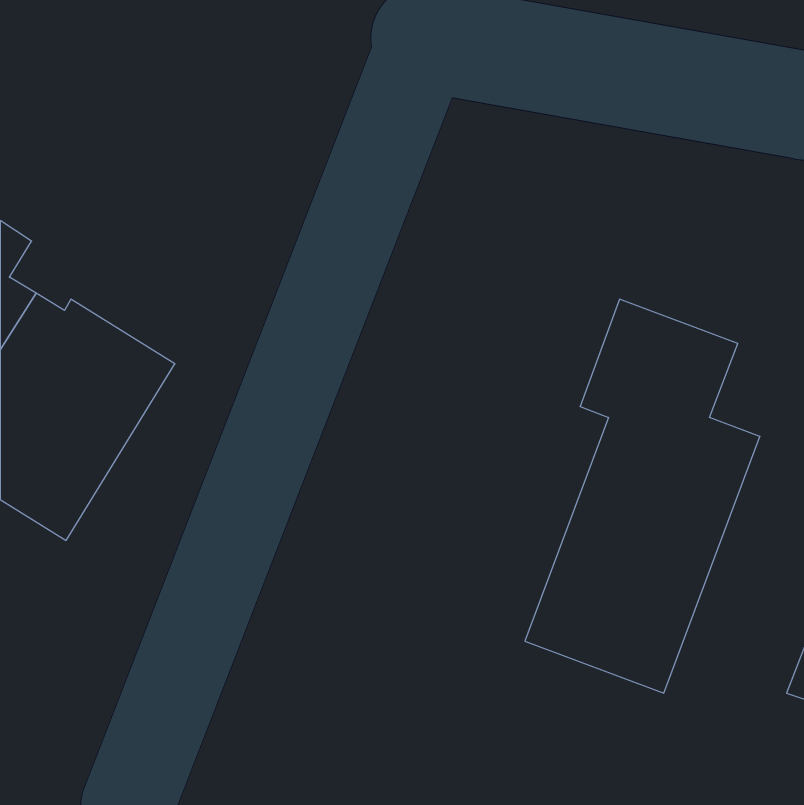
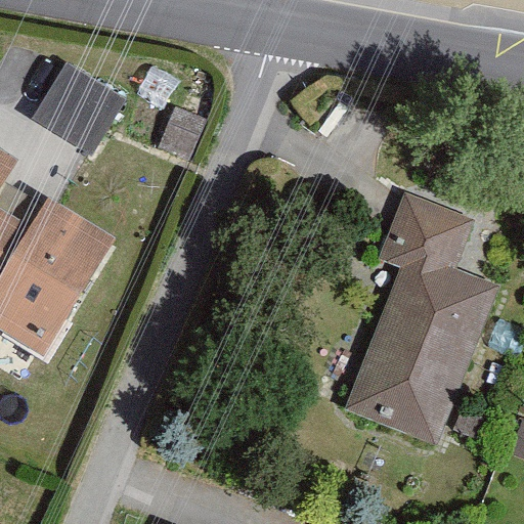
building: none -> [34,60,128,152]

